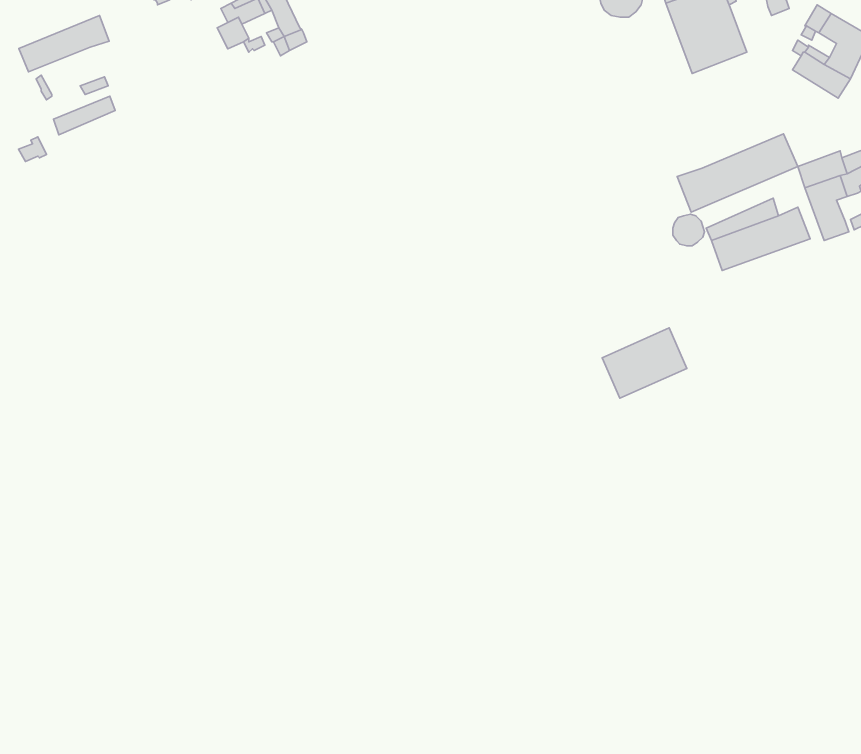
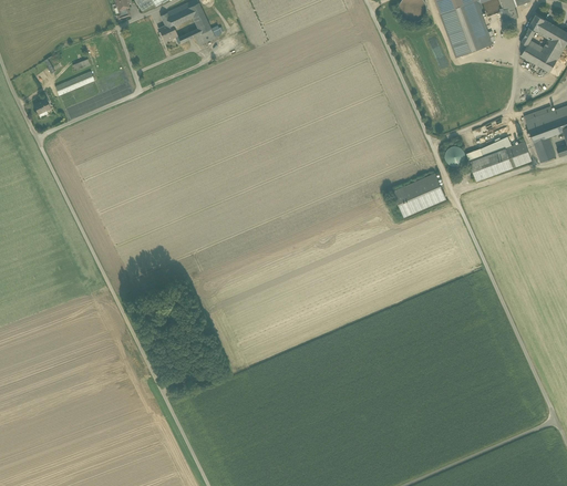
building: [19,16,109,72] -> none
building: [677,134,798,212] -> none
building: [602,328,687,398] -> [393,173,446,217]

